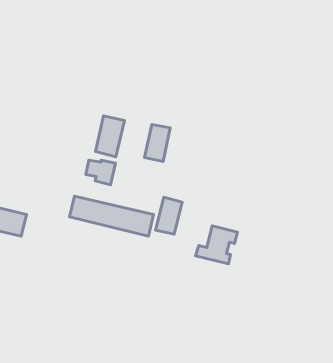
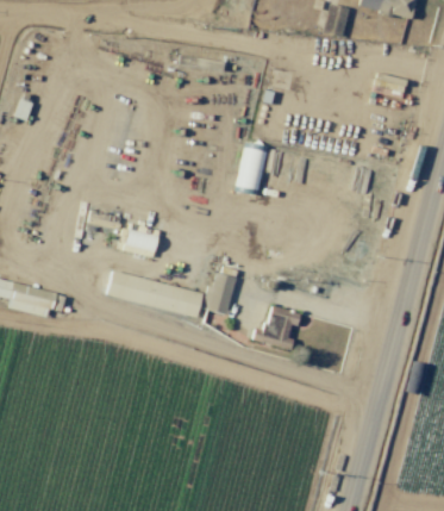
building: [95,116,124,157] -> none
building: [145,125,170,162] -> [237,148,267,191]

